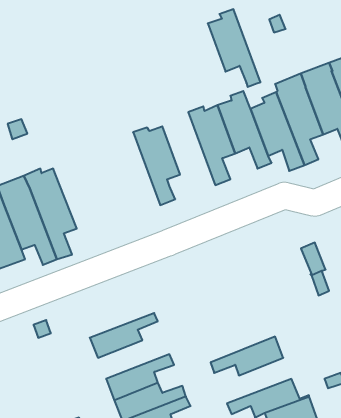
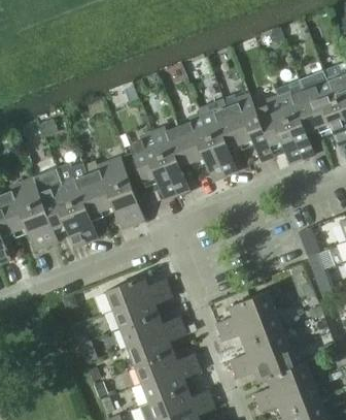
building: [208,9,261,87] -> [177,112,223,181]
building: none -> [129,130,175,199]
building: none -> [86,157,144,228]
building: none -> [106,276,170,311]
building: none -> [216,291,276,332]
building: none -> [120,313,183,347]
building: none -> [231,328,290,368]

